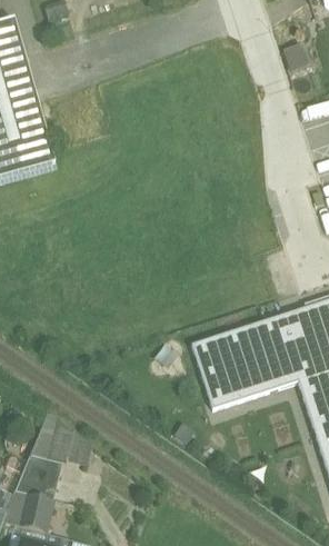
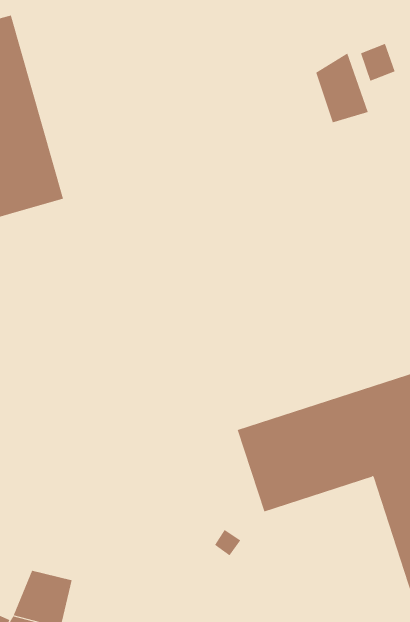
building: none -> [315,53,369,123]
building: [32,414,93,465] -> none

